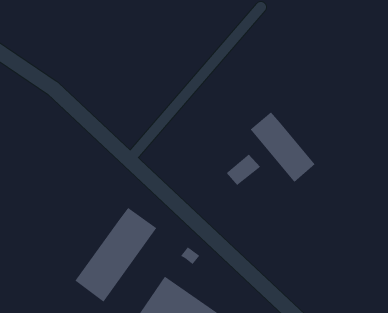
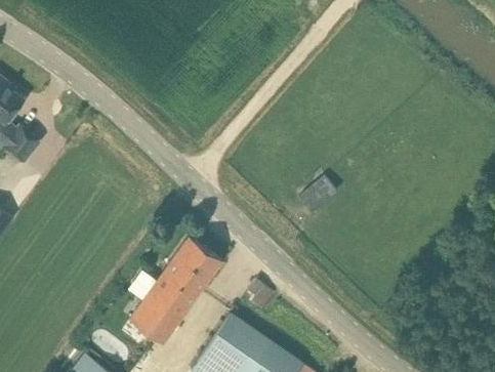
building: [250,112,316,183] -> none

